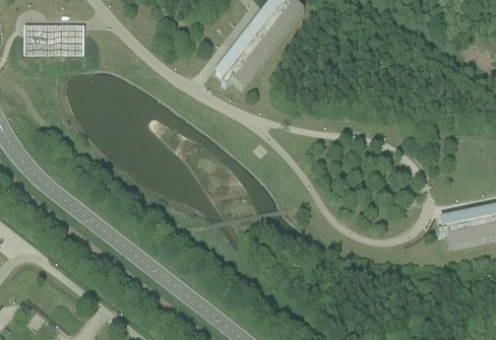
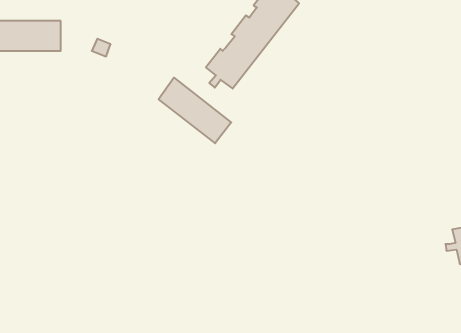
building: none -> [159,78,231,143]

